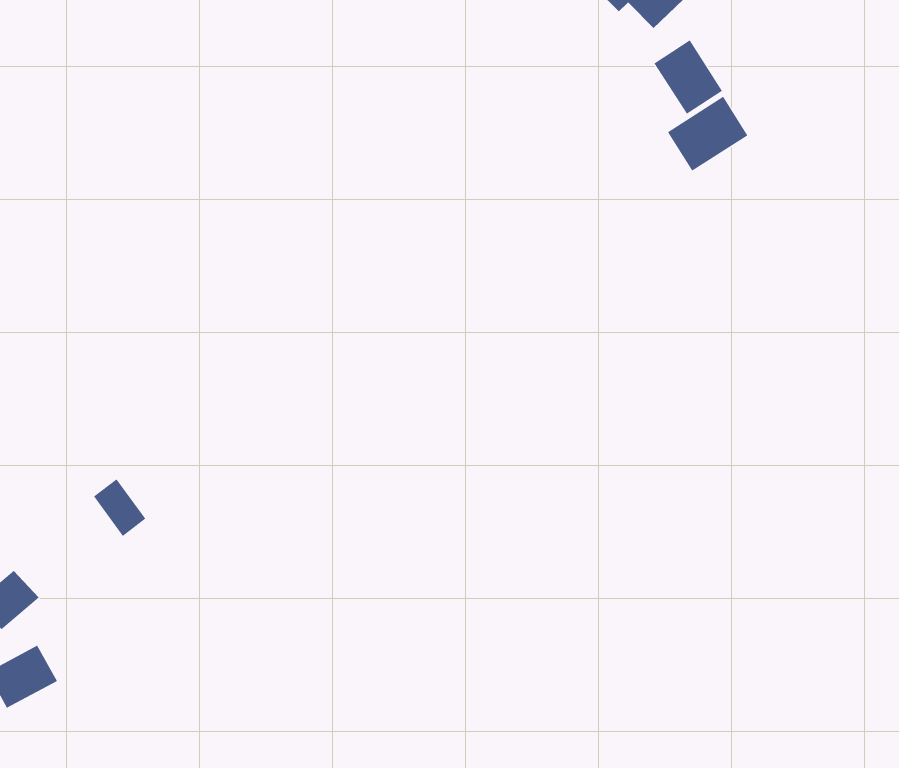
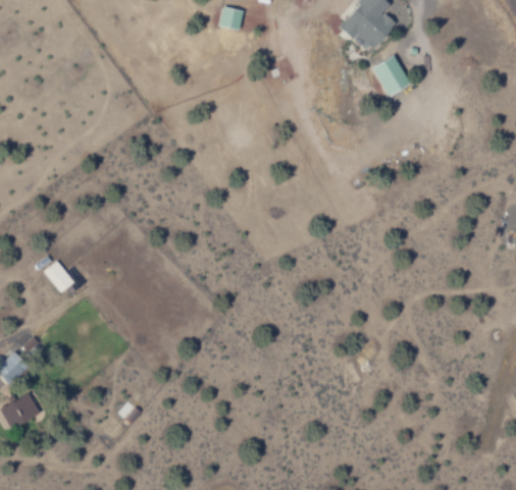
building: [667,96,748,172] -> none
building: [93,478,146,537] -> [44,260,73,292]

